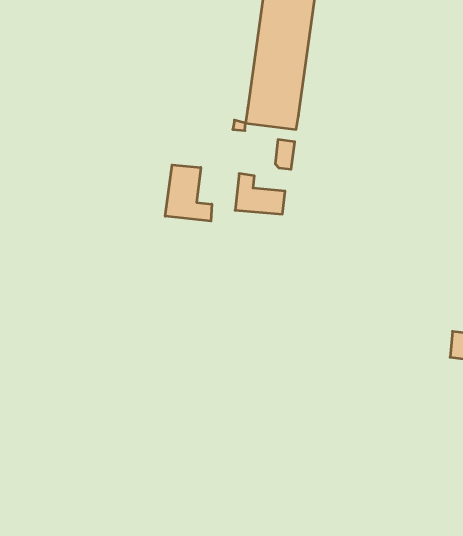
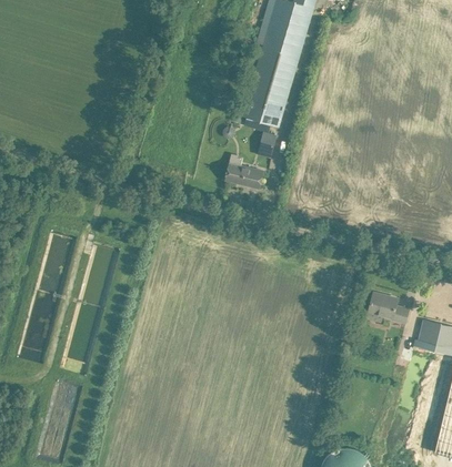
building: [165,165,212,221] -> none

